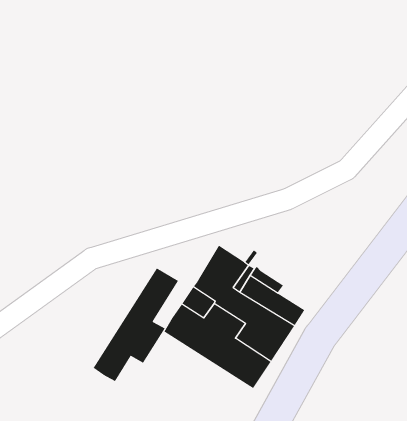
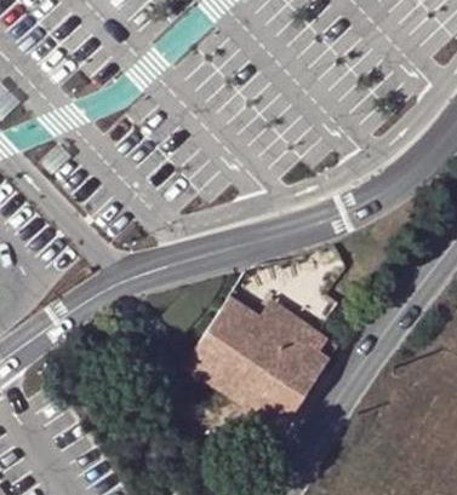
building: [93,268,179,382] -> none

